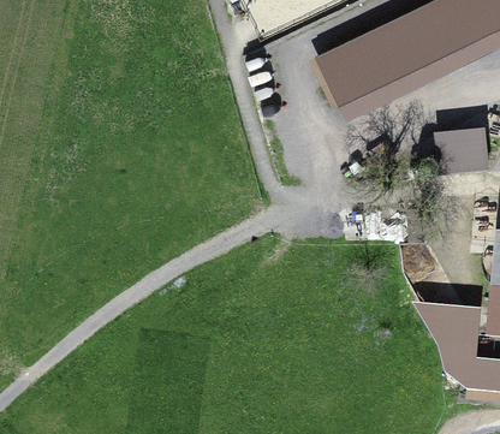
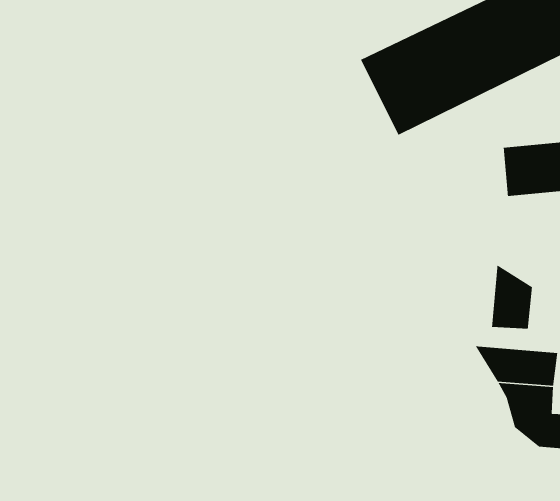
building: none -> [491,264,533,330]

